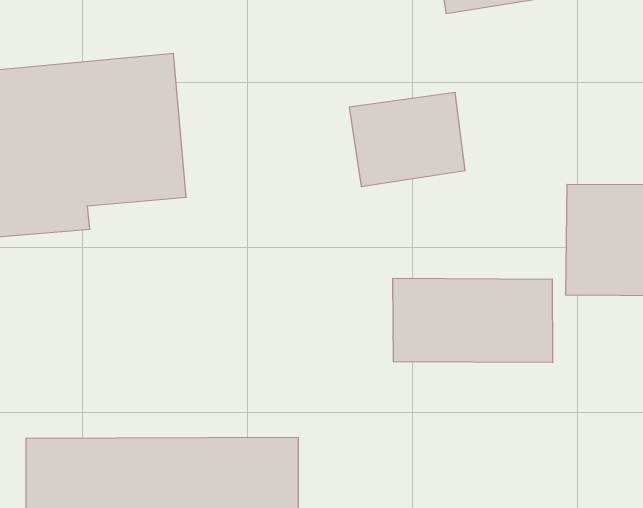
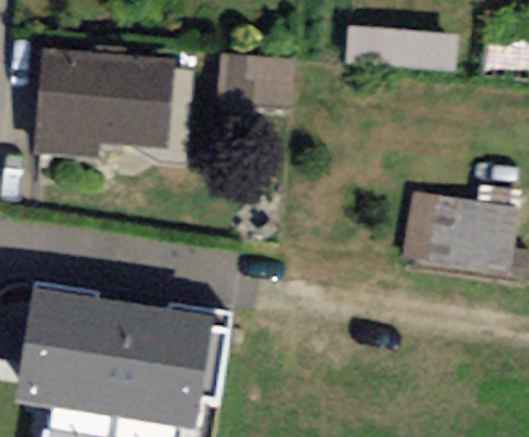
building: [349,92,465,187] -> [226,48,297,102]
building: [393,278,553,363] -> none

